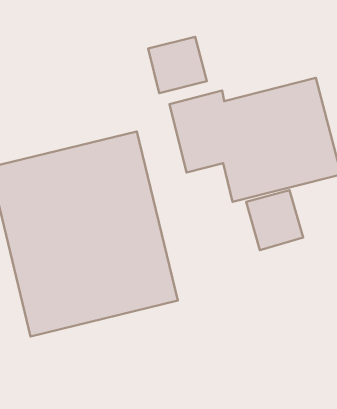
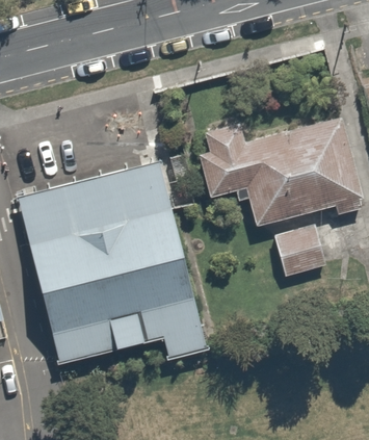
building: [148,37,207,93] -> none

